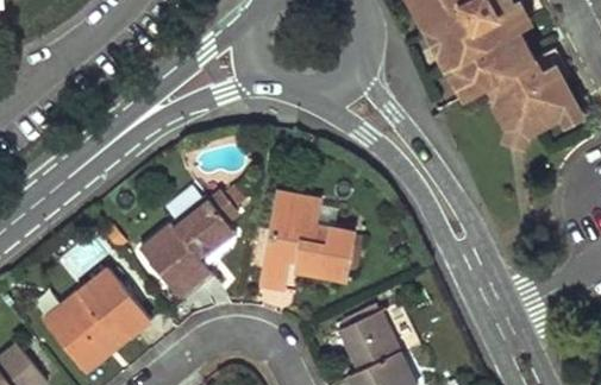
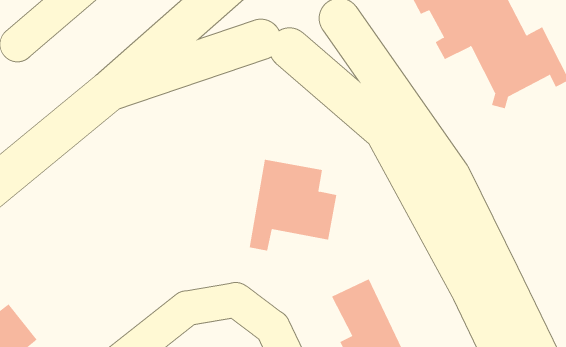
building: [143,179,249,292] -> none
building: [51,264,152,360] -> none

